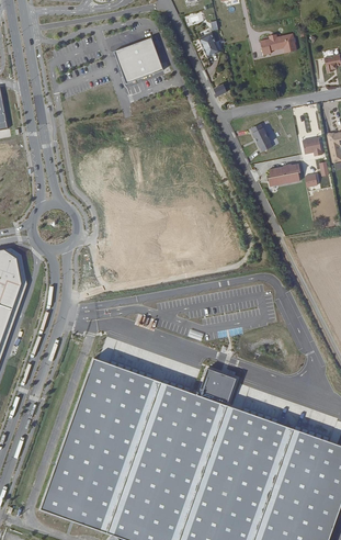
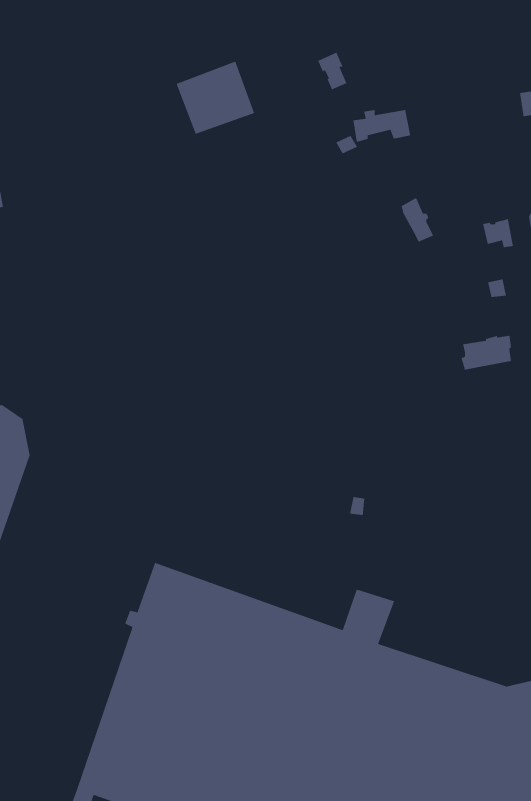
building: [260,34,296,55] -> [353,109,411,143]
building: [266,164,298,185] -> [460,335,512,370]

